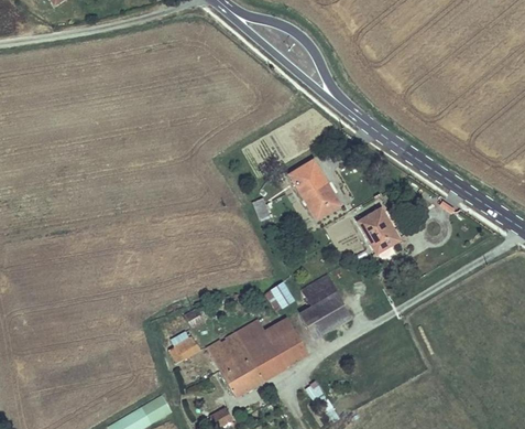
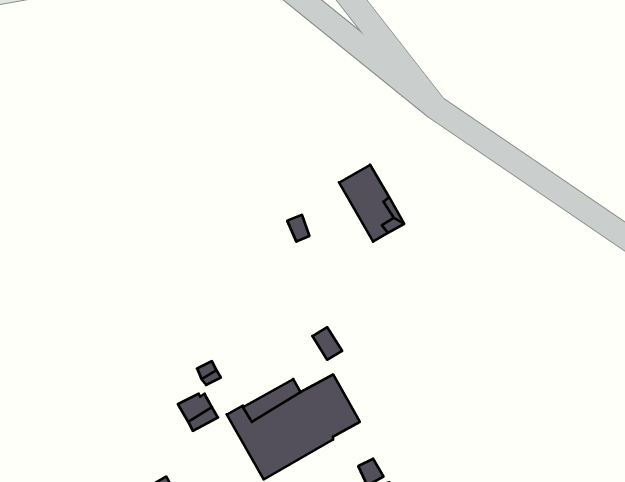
building: [359,207,401,253] -> none
building: [302,275,351,337] -> none

